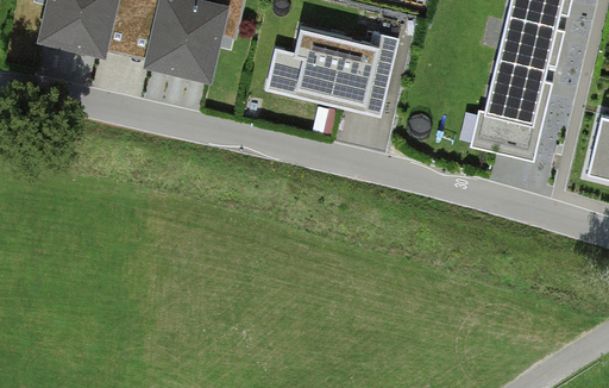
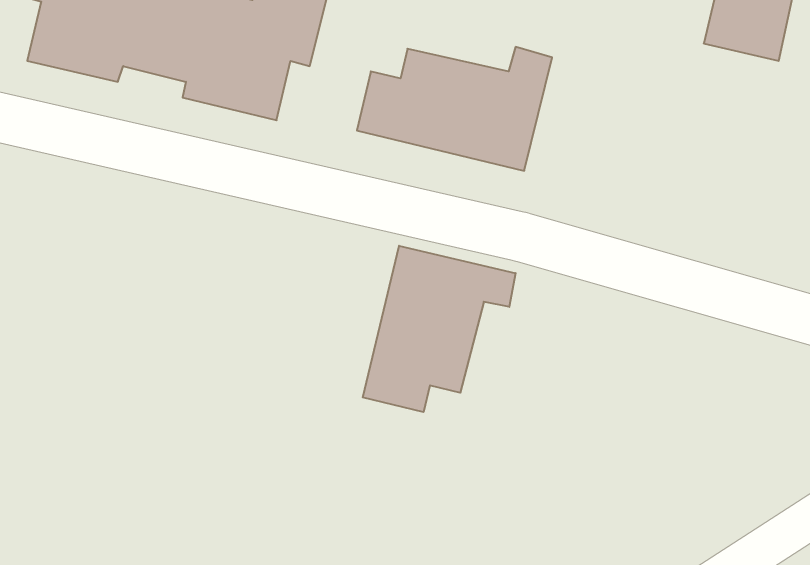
building: [477,30,554,155] -> none
building: none -> [363,246,516,412]

